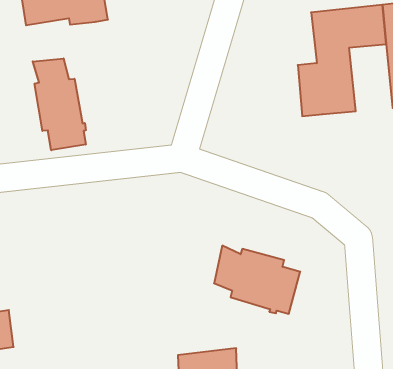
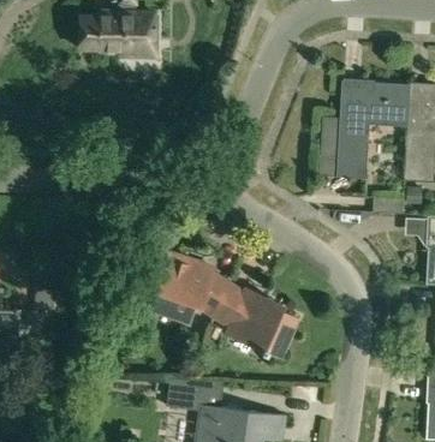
building: [33,58,86,150] -> none
building: none -> [147,251,227,319]

